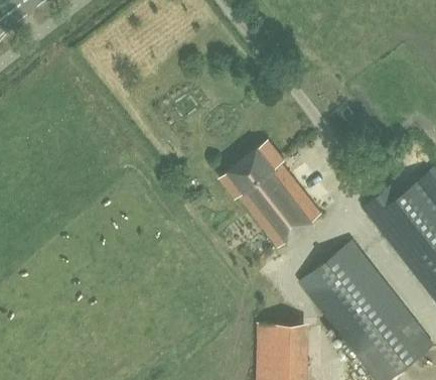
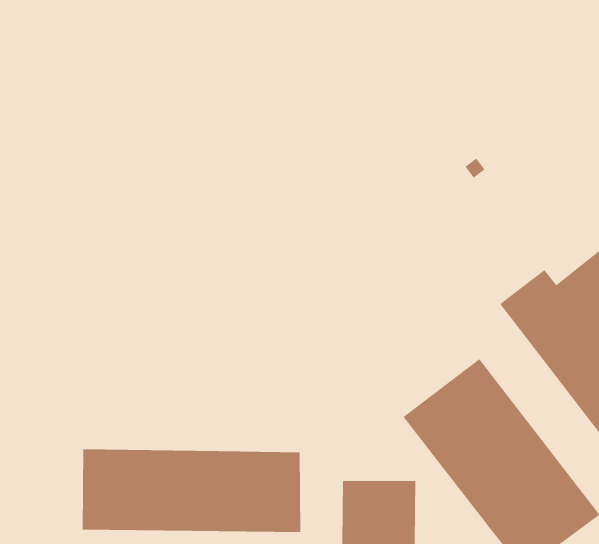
building: [221,139,321,247] -> none
building: none -> [82,449,301,533]

